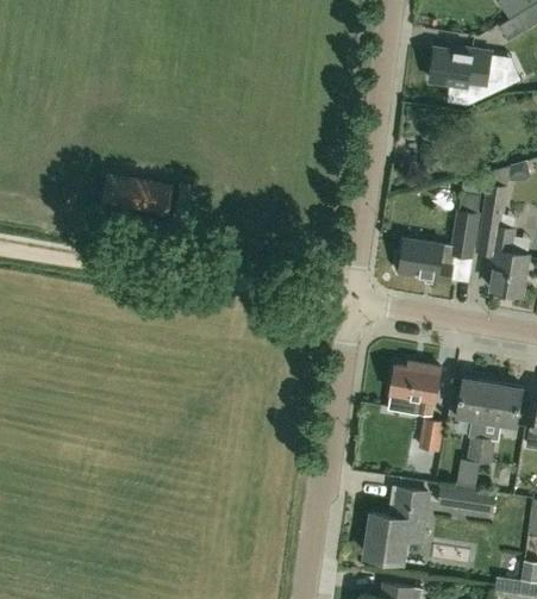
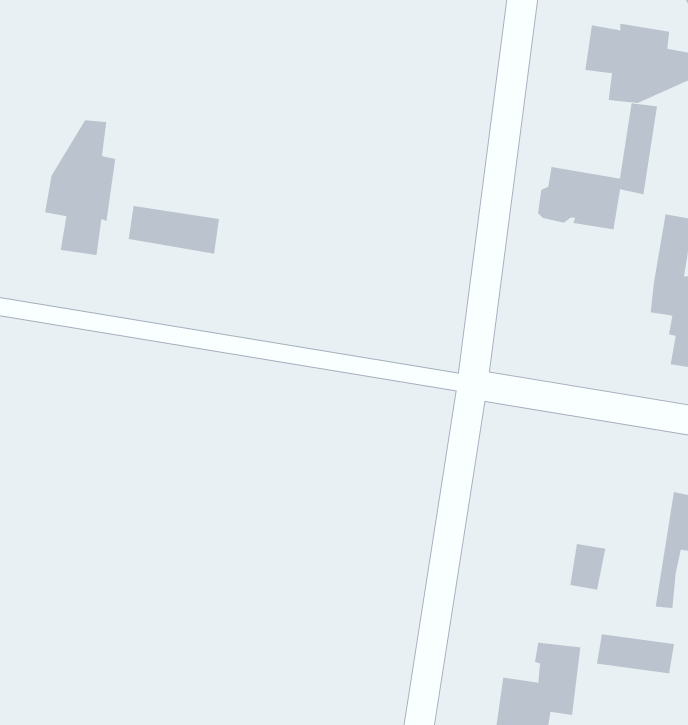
building: none -> [45,119,116,256]
building: [395,192,481,282] -> [537,103,658,230]
building: [391,361,441,416] -> none
building: [456,376,493,463] -> none

